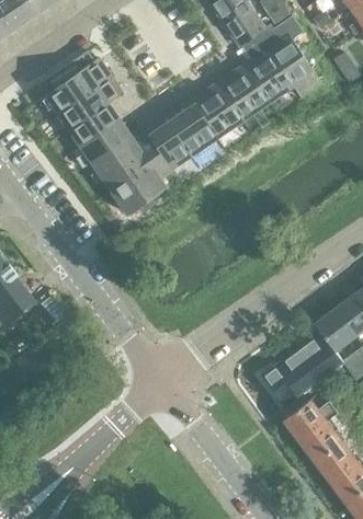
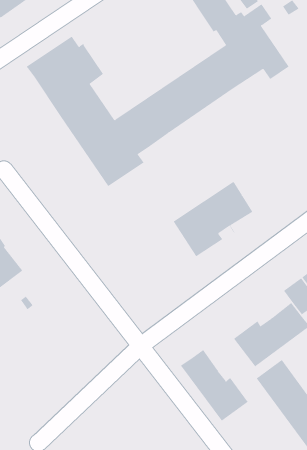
building: none -> [173,181,253,257]
building: none -> [181,349,248,422]

